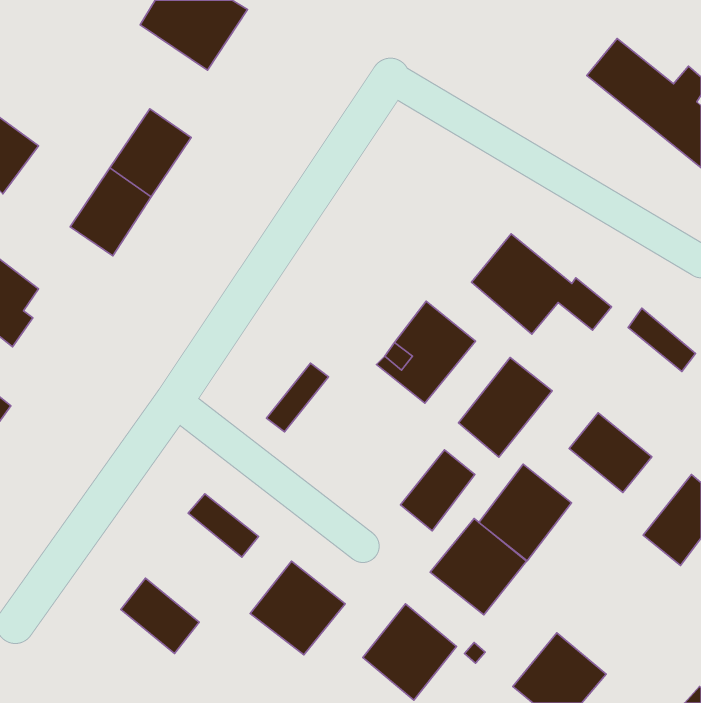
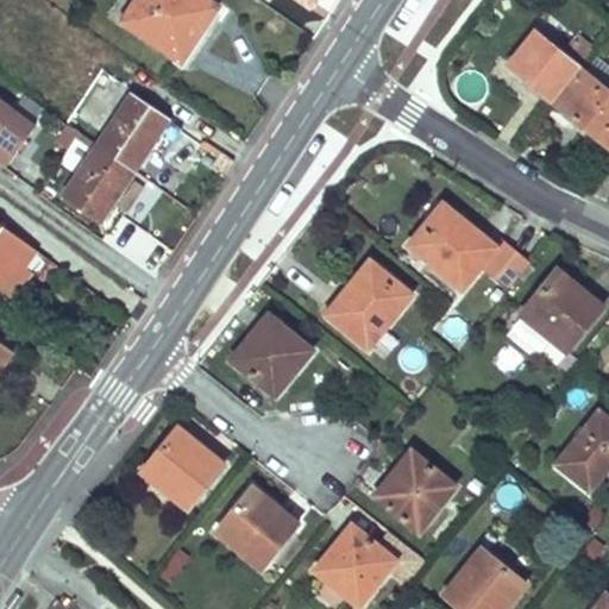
building: [458,357,552,457] -> none
building: [569,413,652,492] -> [519,283,590,352]
building: [400,450,475,531] -> [246,326,310,396]
building: [479,464,571,561] -> none
building: [121,578,199,654] -> [142,444,209,509]

